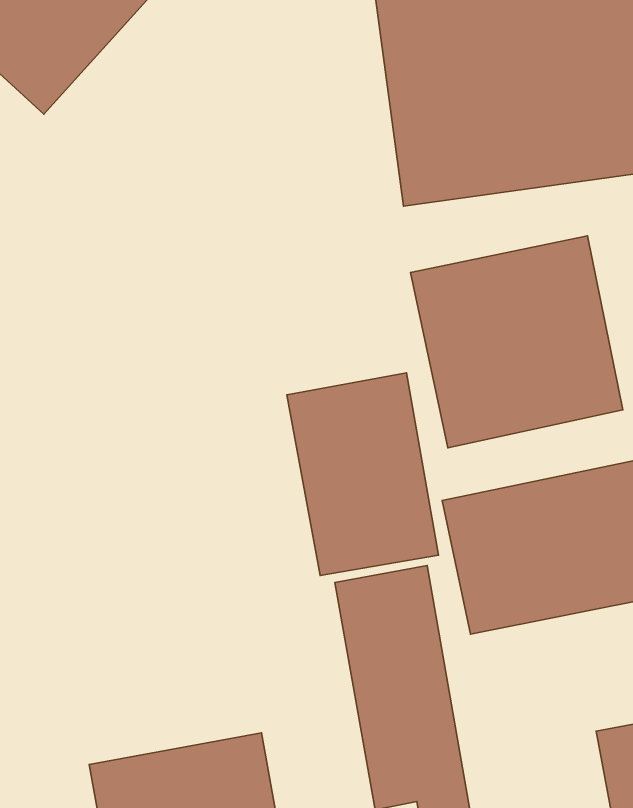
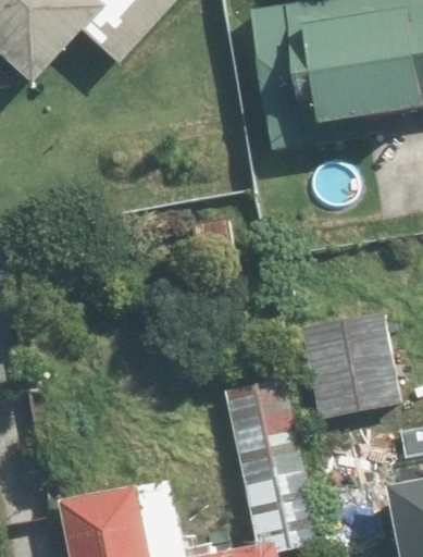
building: [411,236,623,448] -> none
building: [287,373,439,575] -> none

